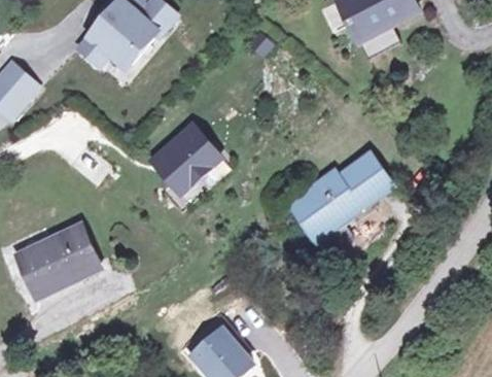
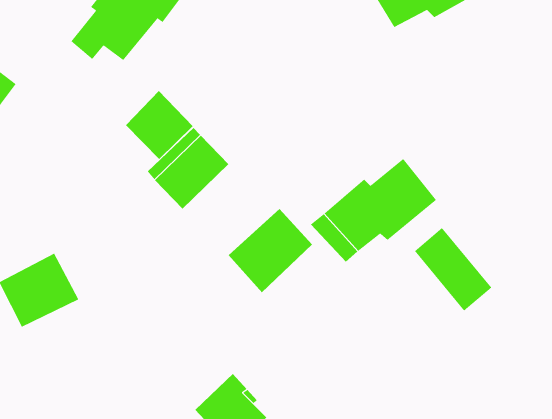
building: none -> [125,90,194,160]
building: none -> [228,208,313,293]
building: none -> [414,227,492,311]

